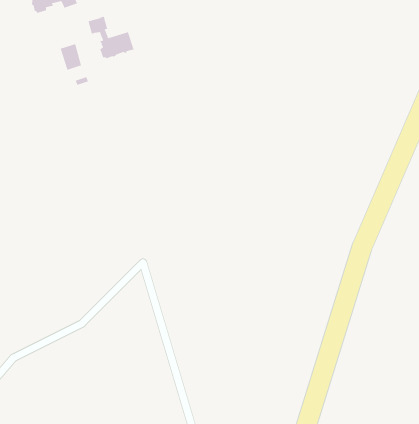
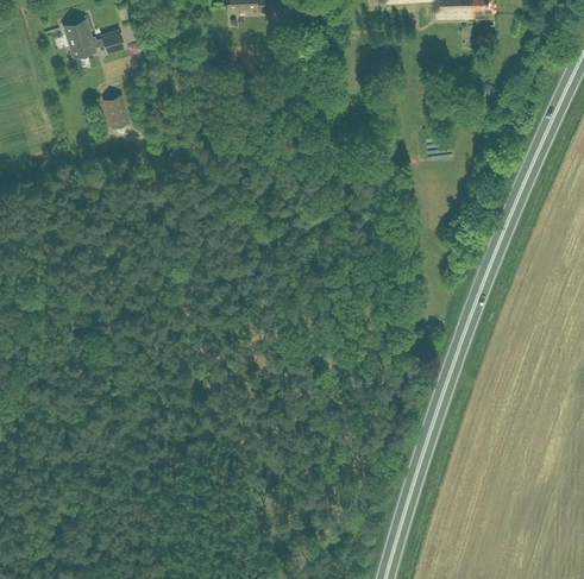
building: [88,15,134,59] -> none

